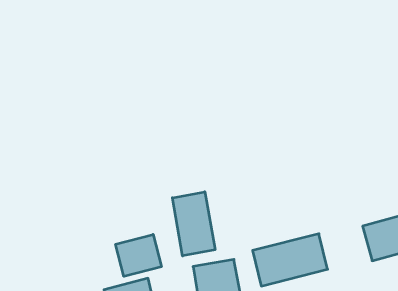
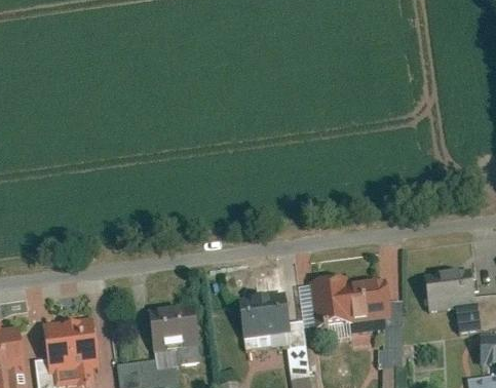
building: [172,192,215,256] -> none
building: [116,234,161,276] -> none

